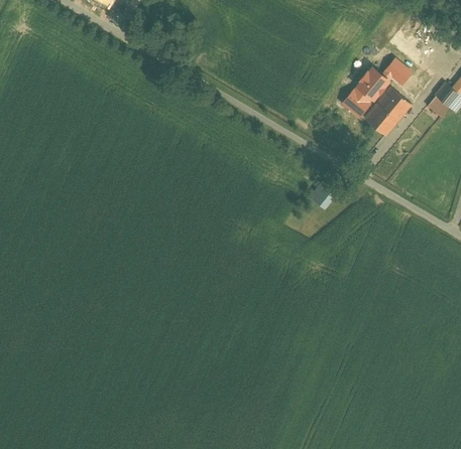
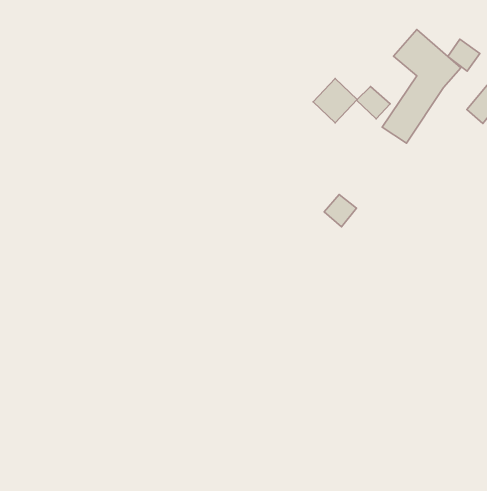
building: none -> [448,39,480,71]
building: [350,65,388,104] -> [313,79,357,123]

